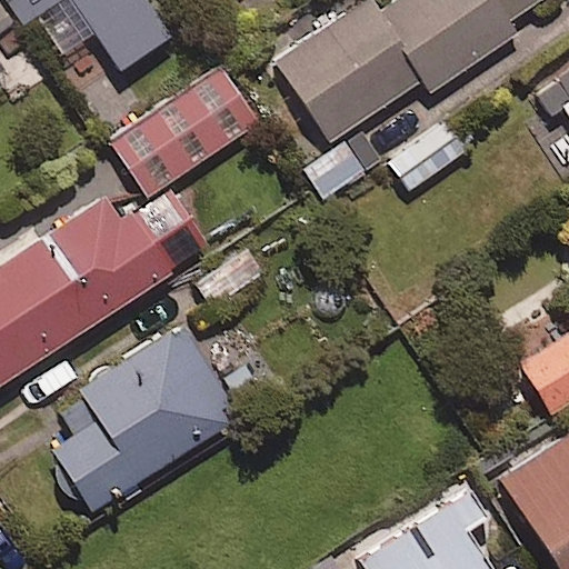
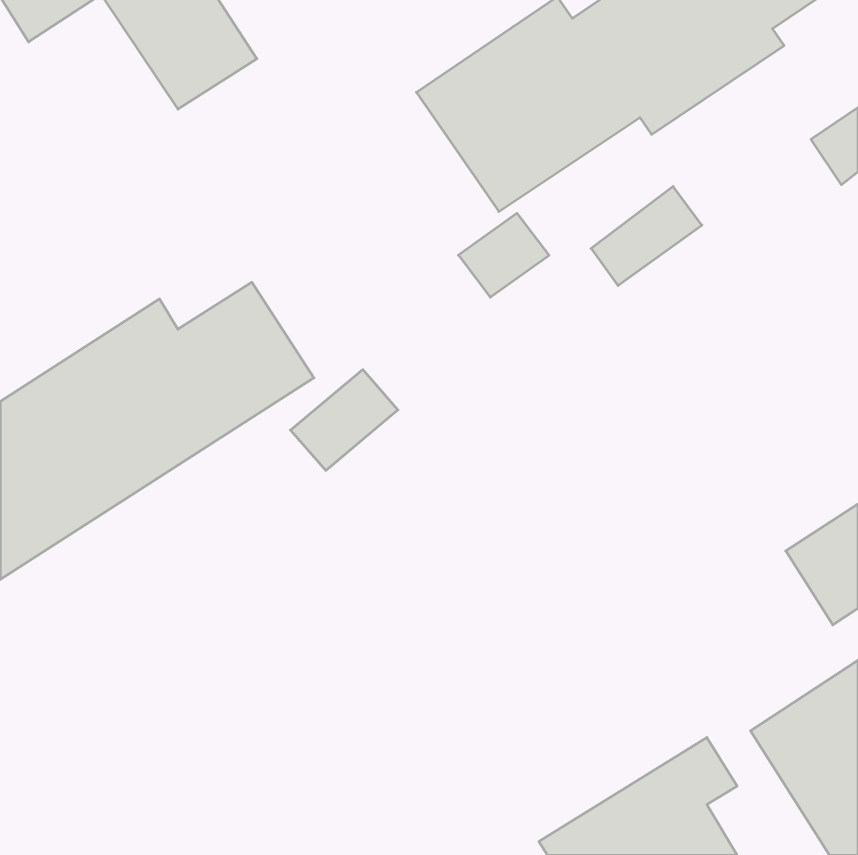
building: [109,67,258,198] -> none
building: [51,327,239,510] -> none

